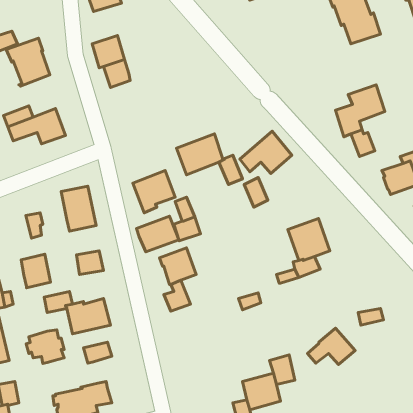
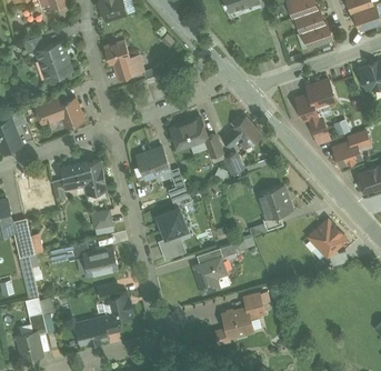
building: [136,216,179,252] -> none
building: [21,254,51,288] -> [60,163,83,190]
building: none -> [193,257,225,293]
building: [307,328,355,365] -> [304,221,342,250]
building: [26,330,64,363] -> [102,292,132,319]

